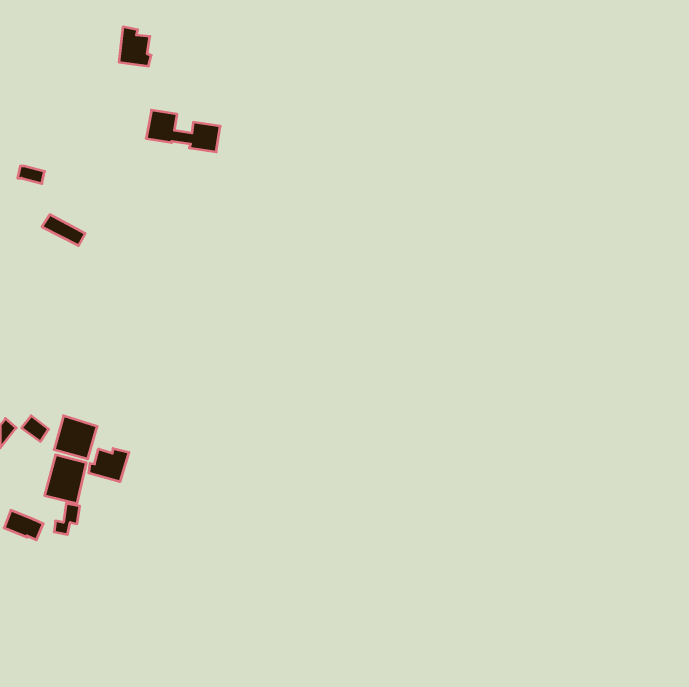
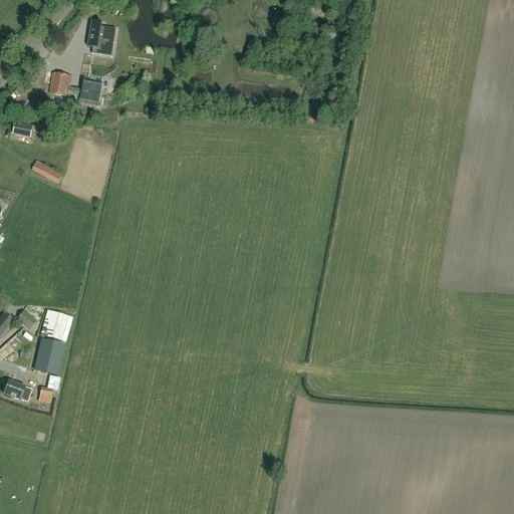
building: [146,110,220,152] -> [49,71,104,102]
building: [89,448,129,482] -> none

